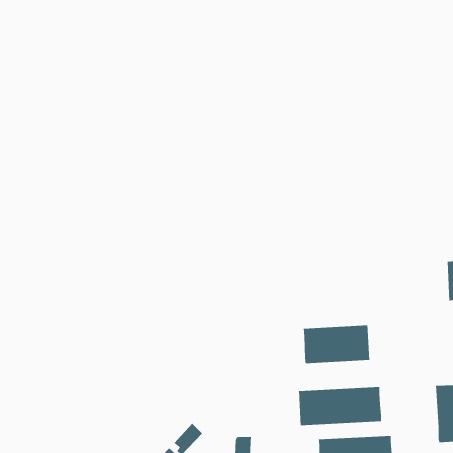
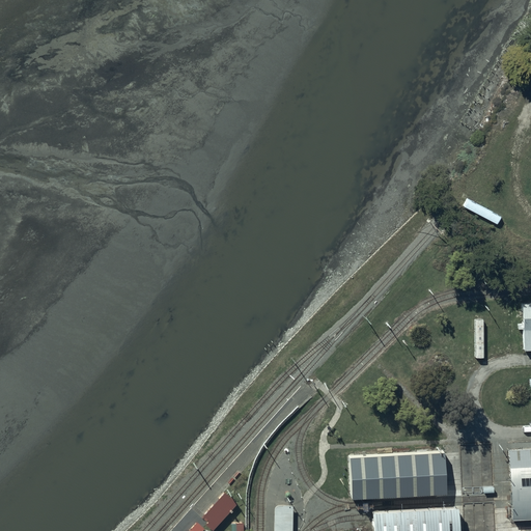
building: [303,325,370,364] -> none

